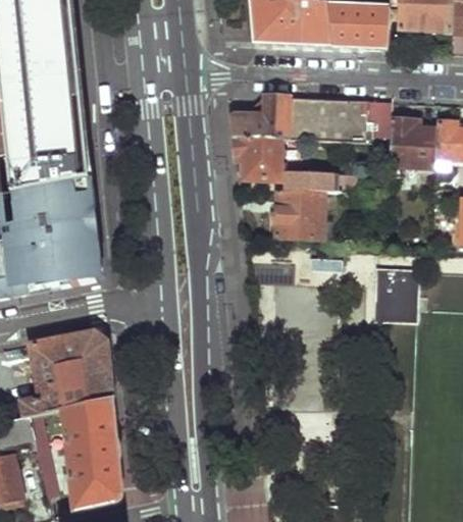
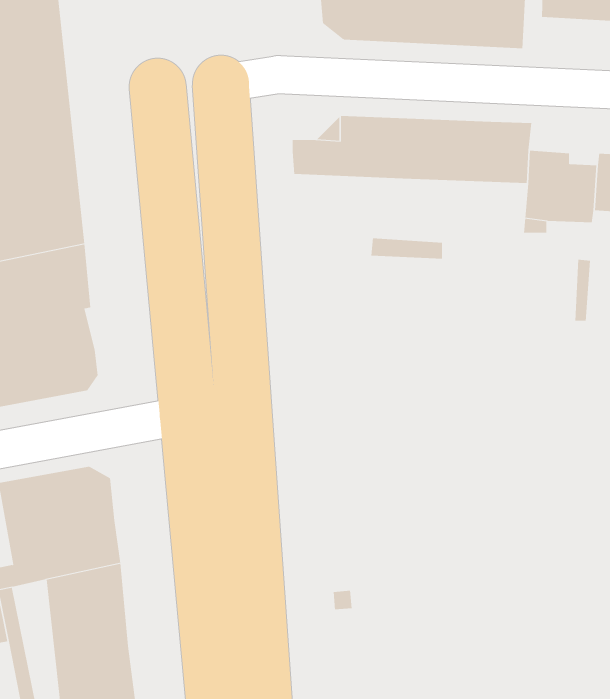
building: [230,134,304,178] -> none
building: [272,191,321,239] -> none
building: [372,267,413,319] -> none

